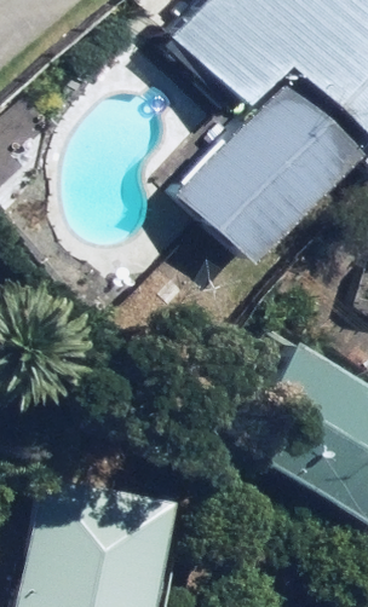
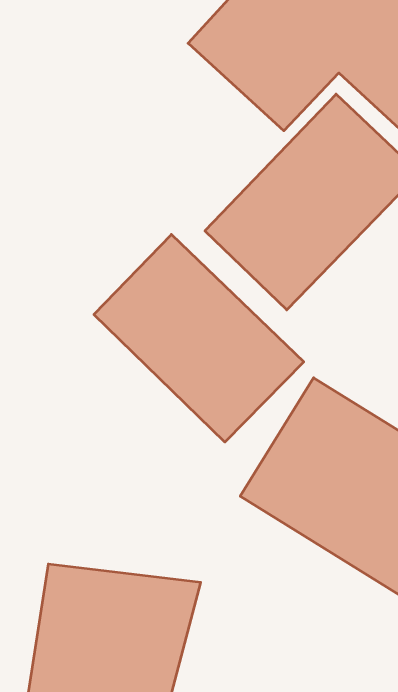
building: none -> [94,234,304,442]

